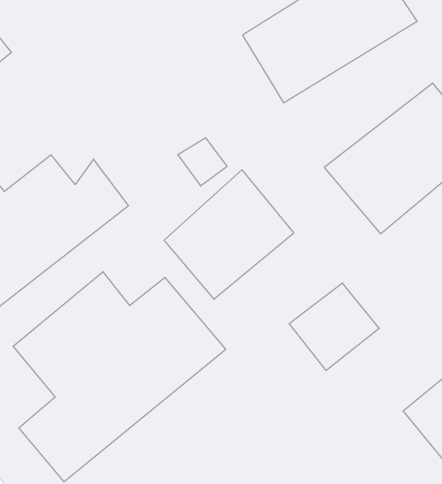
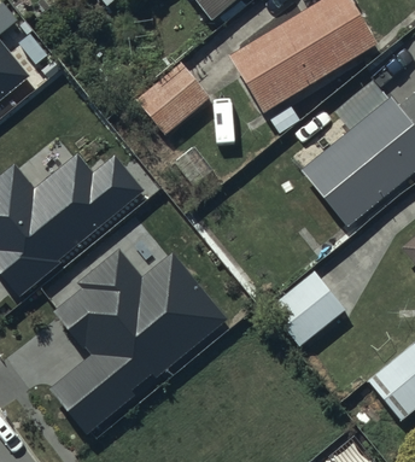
building: none -> [139,59,214,134]
building: [164,170,294,299] -> none

